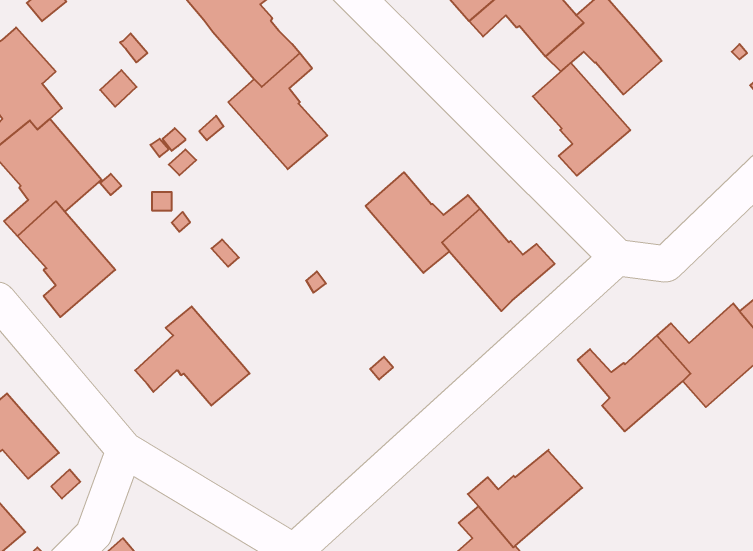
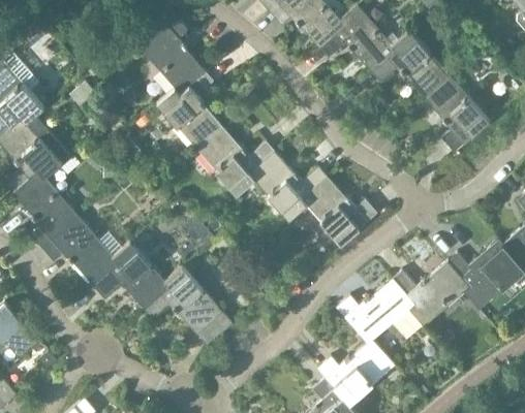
building: [533,63,630,176] -> [424,76,490,153]
building: none -> [196,127,275,196]
building: none -> [42,218,119,286]
building: none -> [145,267,234,347]
building: none -> [337,279,414,344]

